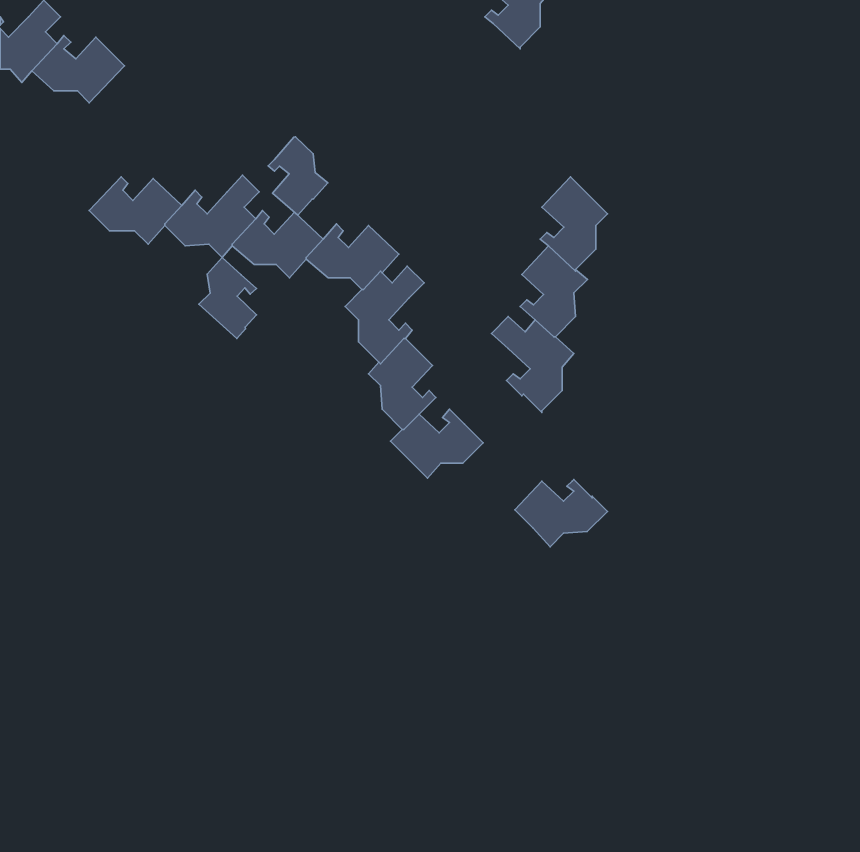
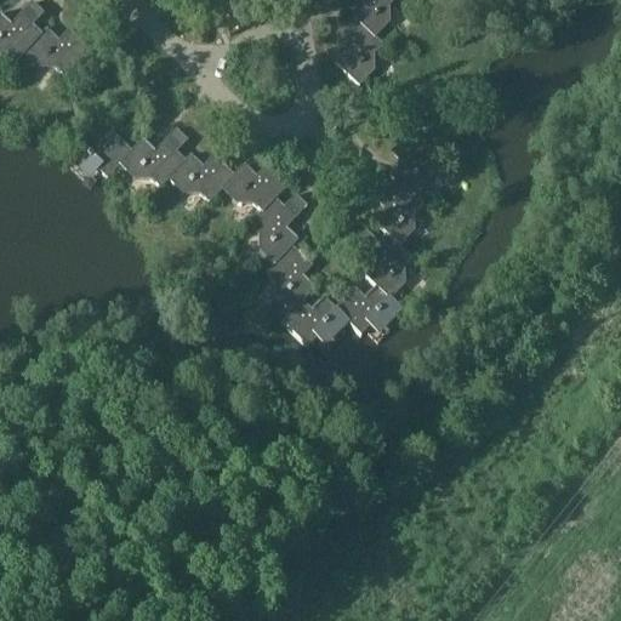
building: none -> [335,17,383,84]
building: [268,137,328,215] -> none
building: [199,258,257,338] -> none
building: [515,479,607,547] -> [335,284,401,332]

